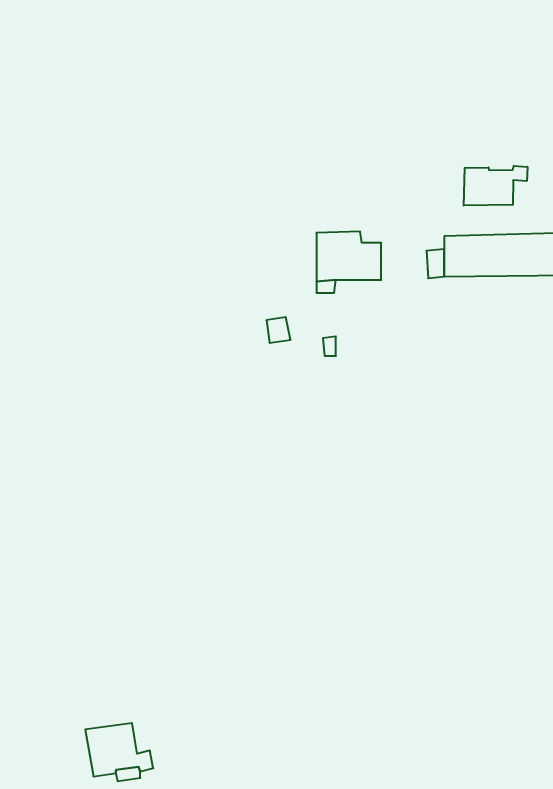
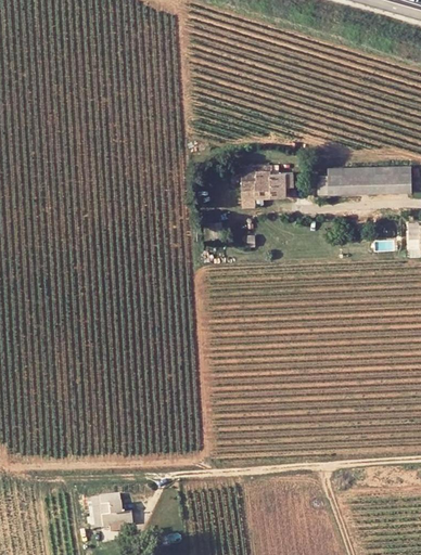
building: [464,166,527,206] -> none

